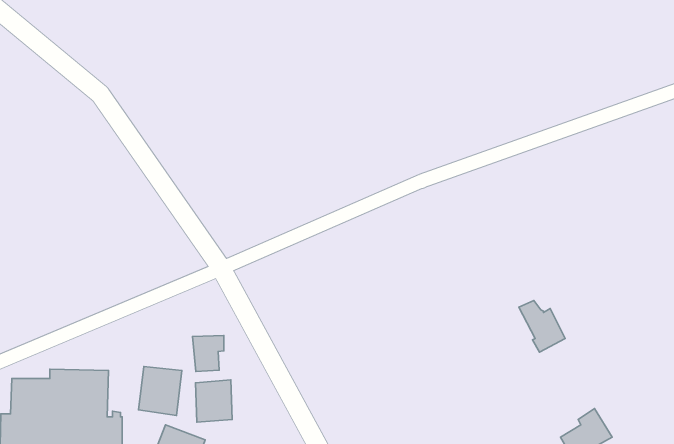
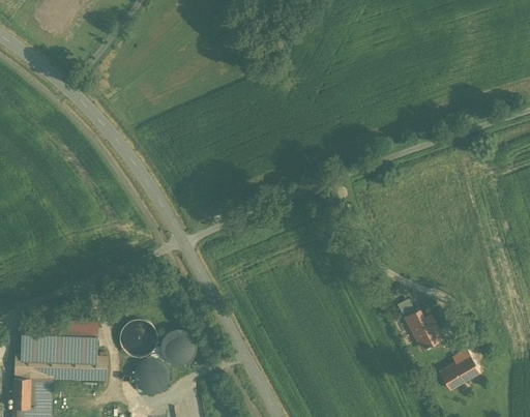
building: [519,300,565,352] -> [406,311,441,351]
building: [192,335,224,372] -> none

